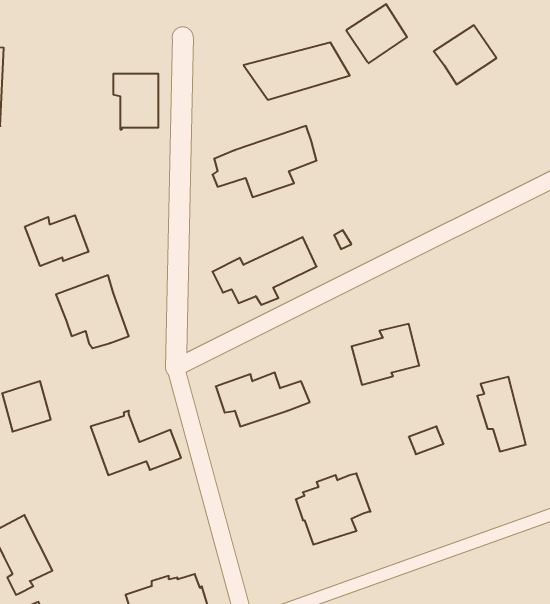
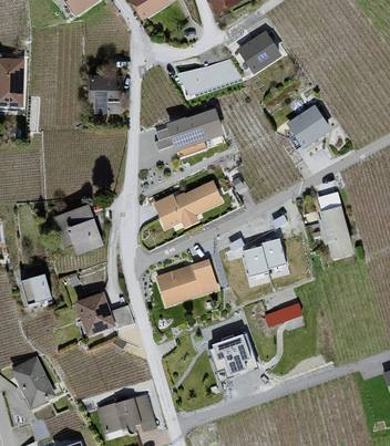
building: [434,25,496,84] -> [288,107,328,145]
building: [25,215,88,266] -> none
building: [477,377,526,451] -> [319,208,350,256]

